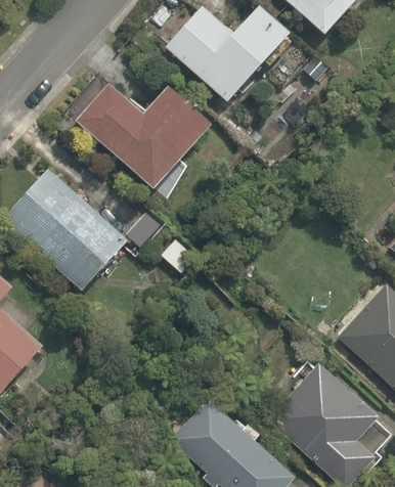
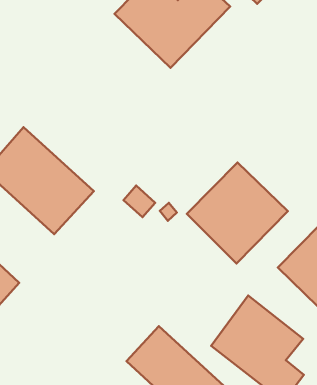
building: [82,85,215,191] -> none
building: none -> [187,162,288,264]

